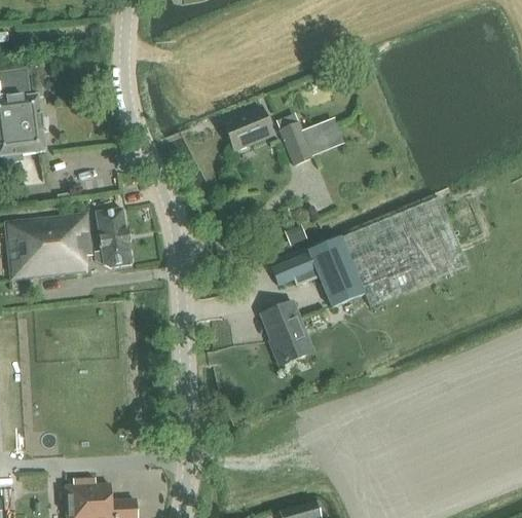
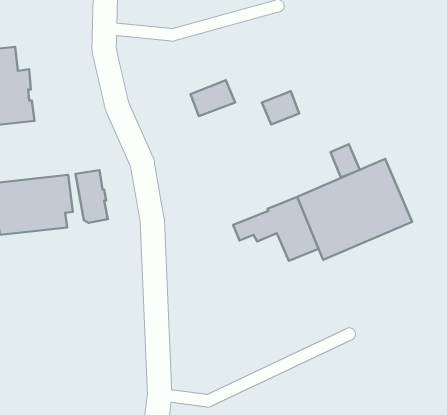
building: [276,115,311,163] -> none
building: none -> [330,144,360,177]
building: [264,301,312,365] -> none

